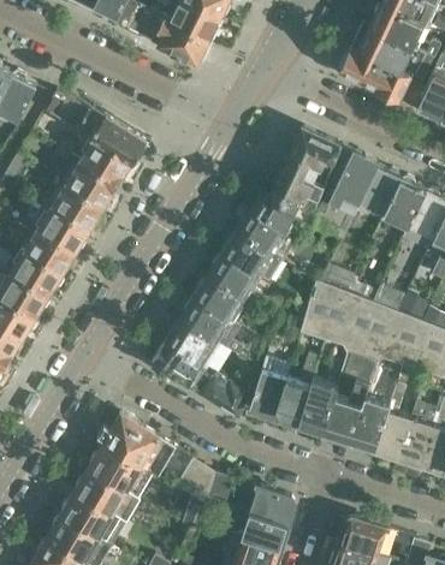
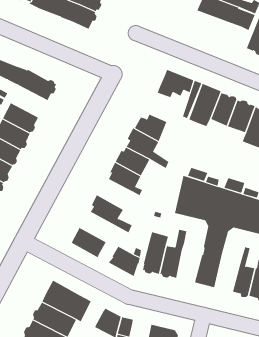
building: [340,47,426,108] -> none
building: [79,136,132,184] -> none
building: [274,160,314,202] -> none
building: [192,278,244,322] -> none
building: [165,322,215,367] -> none
building: [351,359,402,448] -> none
building: [298,375,339,432] -> none

